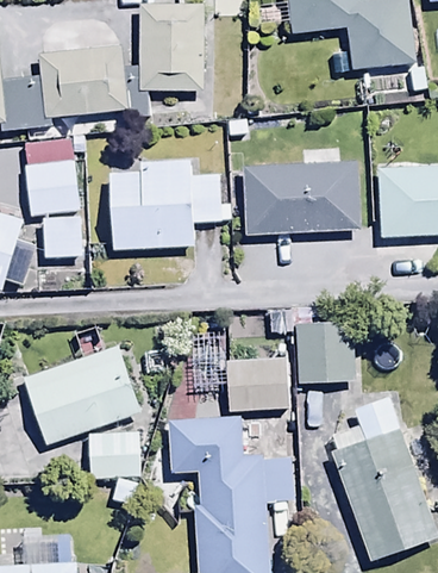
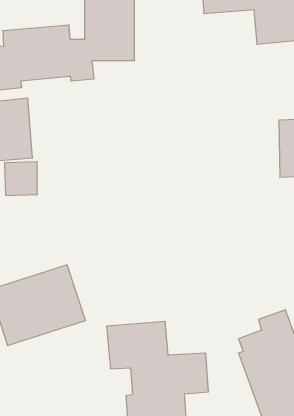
building: [111,160,231,250] -> none
building: [242,161,361,233] -> none
building: [294,319,355,384] -> none
building: [226,359,290,410] -> none
building: [88,432,140,478] -> none

